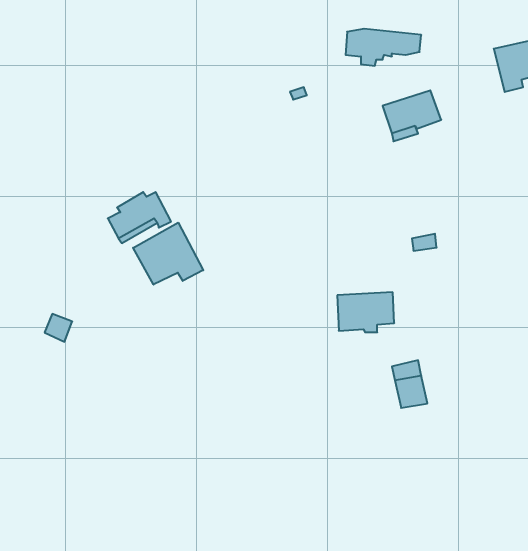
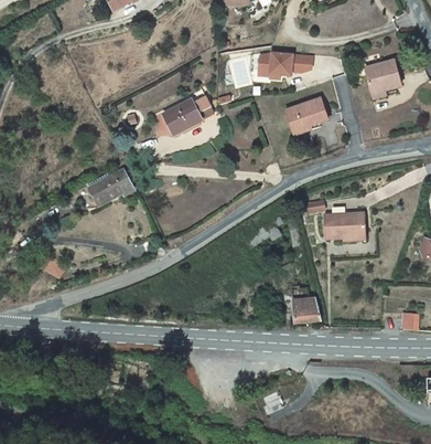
building: none -> [161,93,213,136]
building: [133,223,203,285] -> none
building: [337,292,394,332] -> [324,211,365,240]

